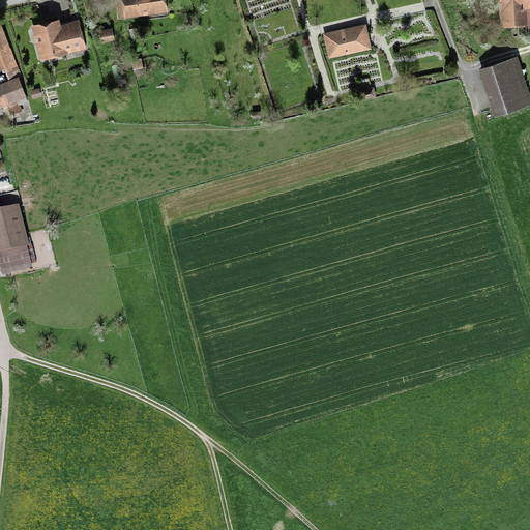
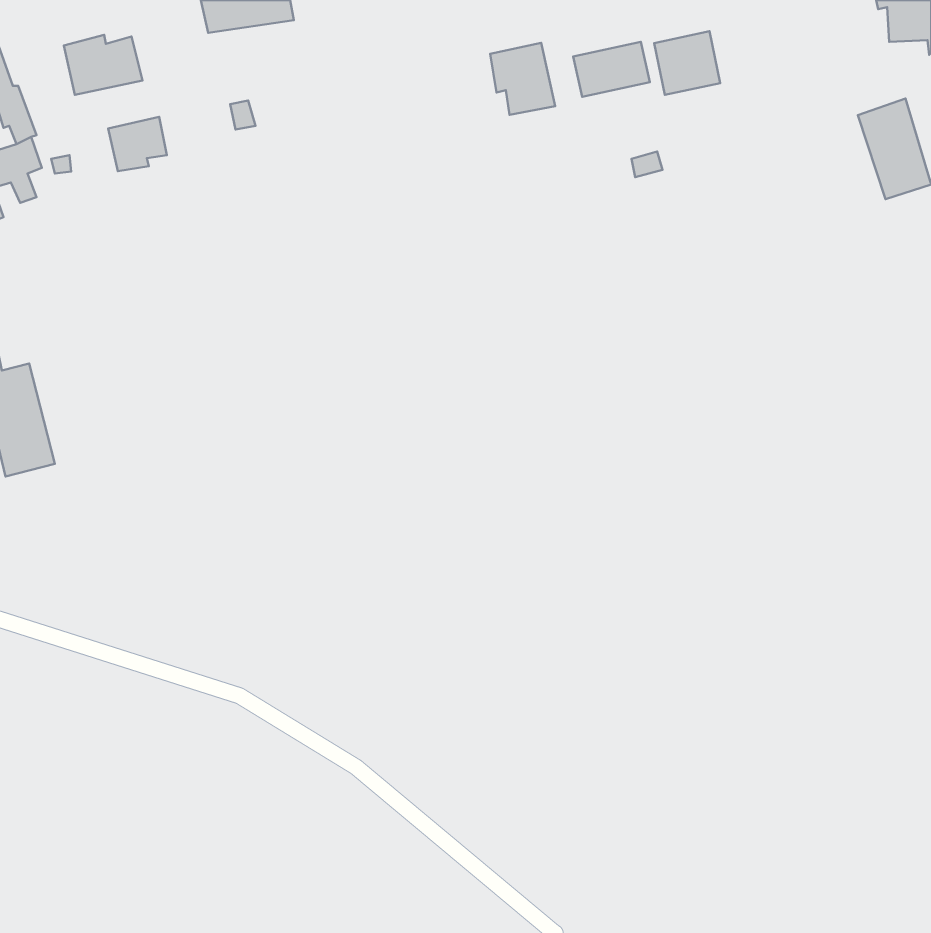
building: none -> [654,31,720,95]
building: none -> [490,43,555,115]
building: none -> [108,117,167,171]

